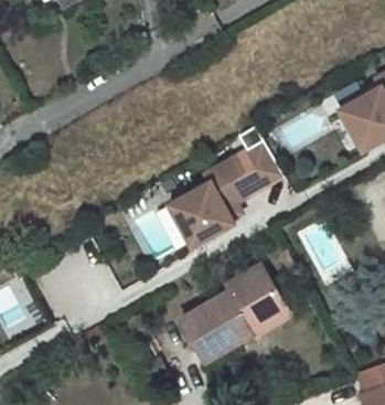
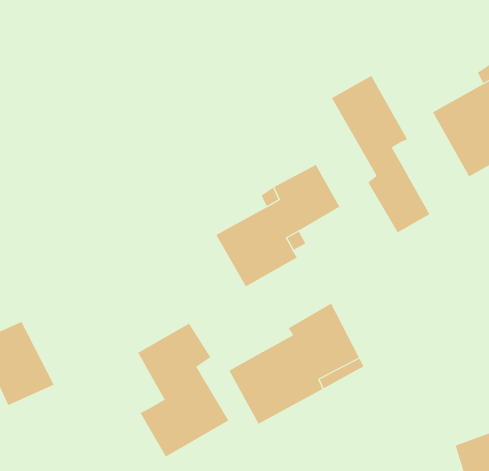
building: none -> [331,75,430,233]
building: none -> [138,323,229,458]

